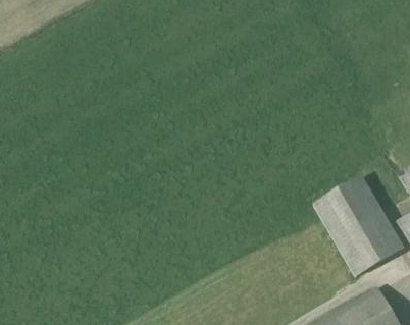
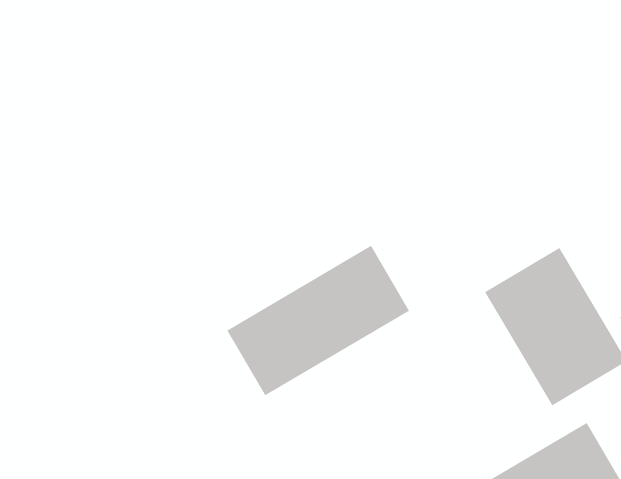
building: none -> [227,245,410,396]

